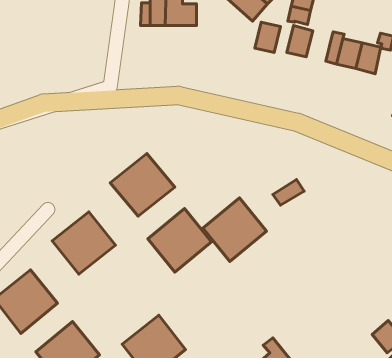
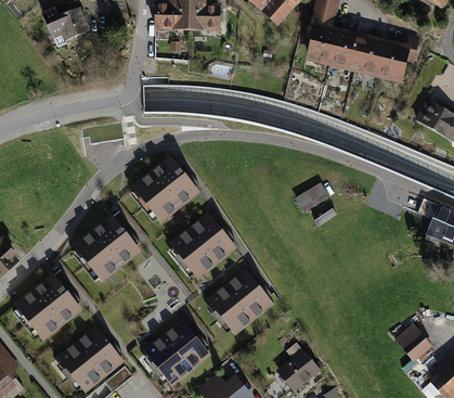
building: none -> [43,10,88,39]
building: [255,22,281,52] -> [330,34,356,64]
building: [203,198,267,261] -> [208,269,272,333]

